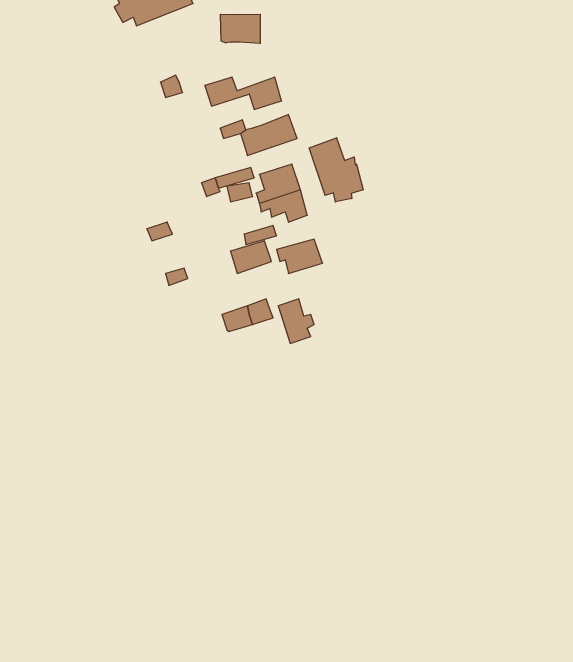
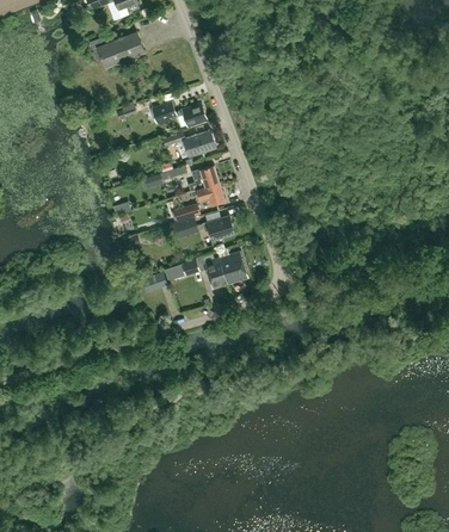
building: [220,14,260,44] -> none
building: [309,138,363,202] -> none
building: none -> [219,252,248,285]

